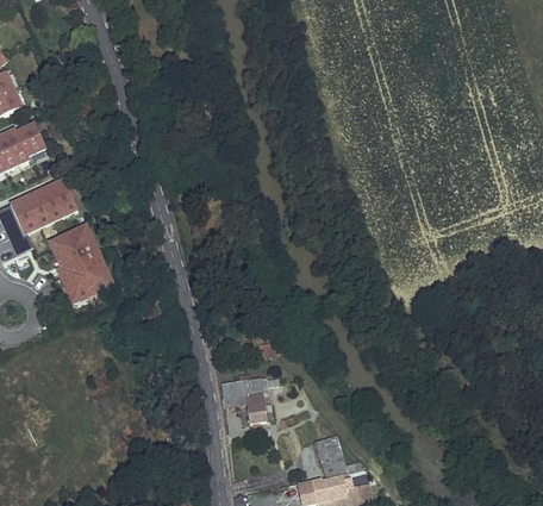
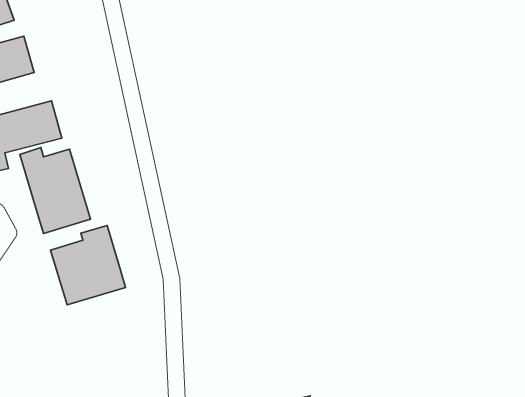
building: none -> [51,226,126,305]
building: [221,374,266,424] -> none

